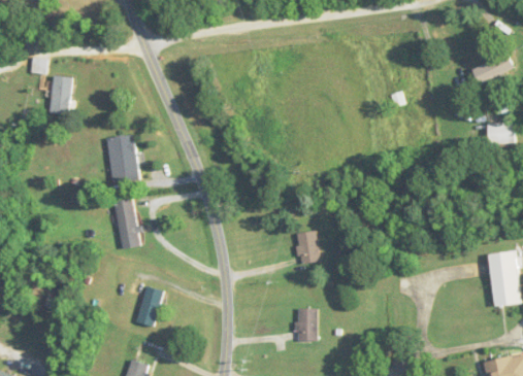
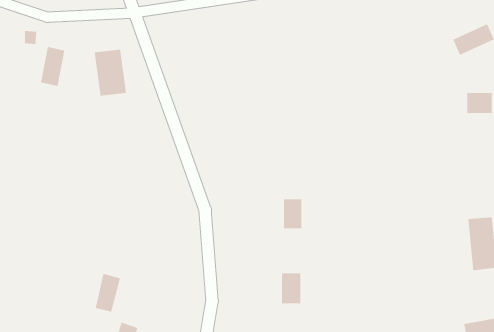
building: [106,134,140,182] -> [94,49,127,96]
building: [115,196,139,248] -> none
building: [137,285,164,326] -> [95,273,121,312]

